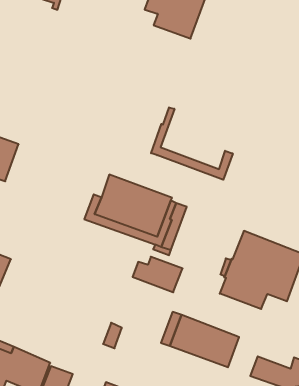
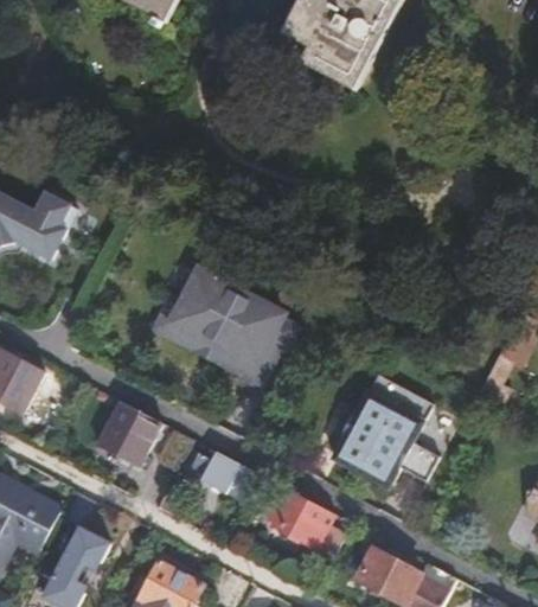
building: [151,107,233,180] -> none
building: [133,257,183,292] -> [186,451,258,505]
building: none -> [100,401,162,466]

